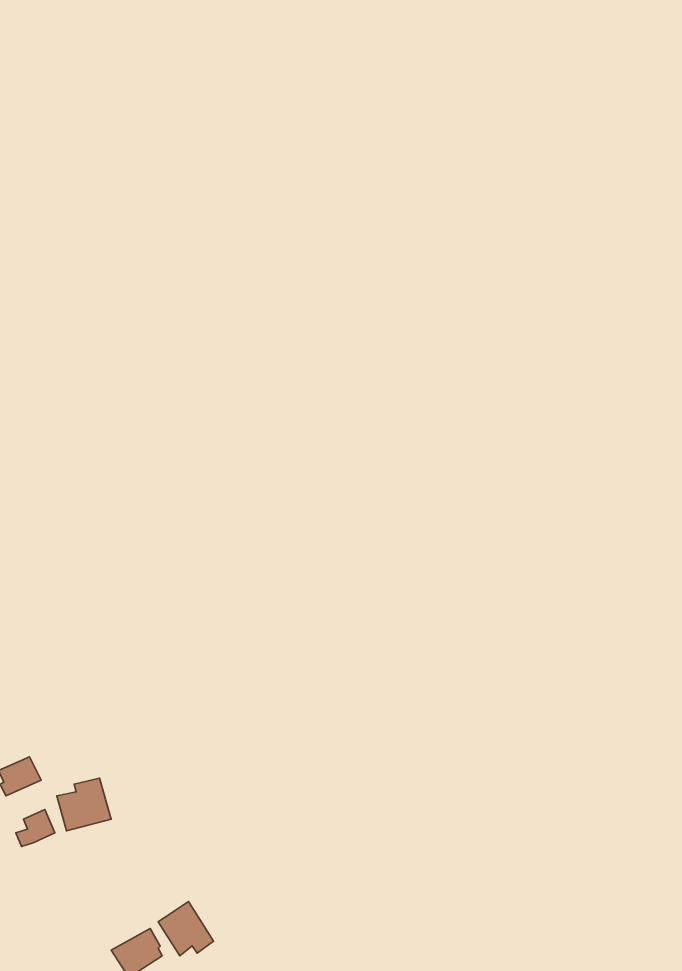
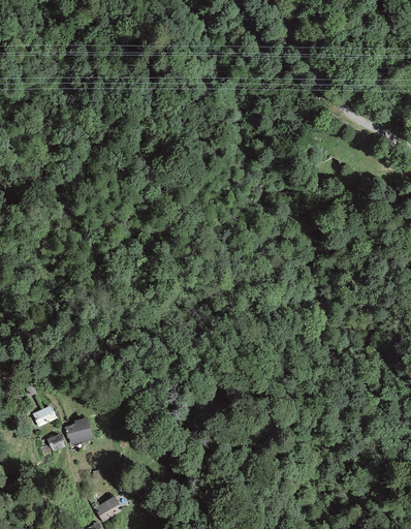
building: [158,902,214,956] -> none

